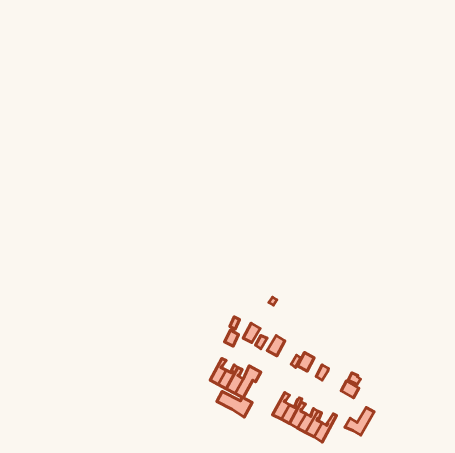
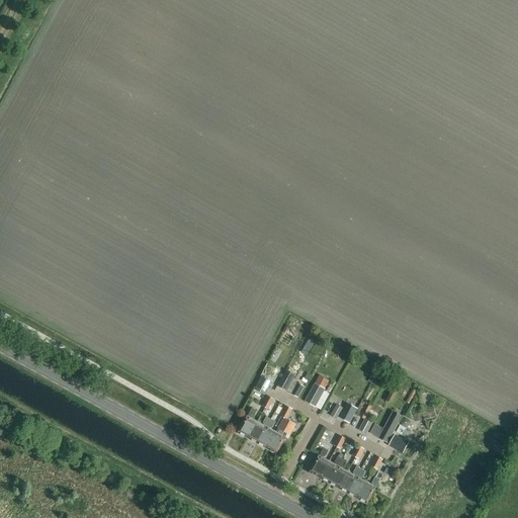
building: [217,391,252,417] -> none
building: [345,407,374,435] -> [369,410,403,441]

